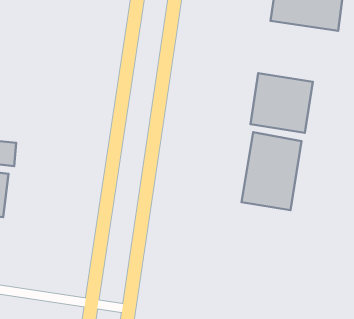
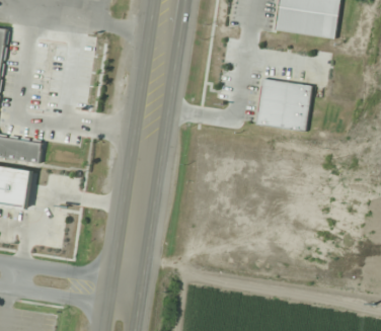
building: [242,132,302,210] -> none

